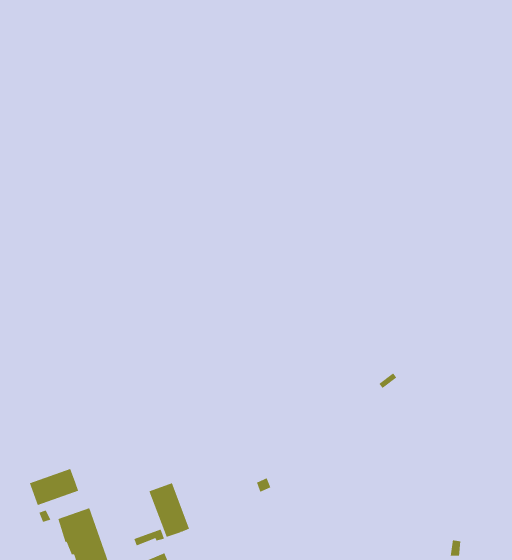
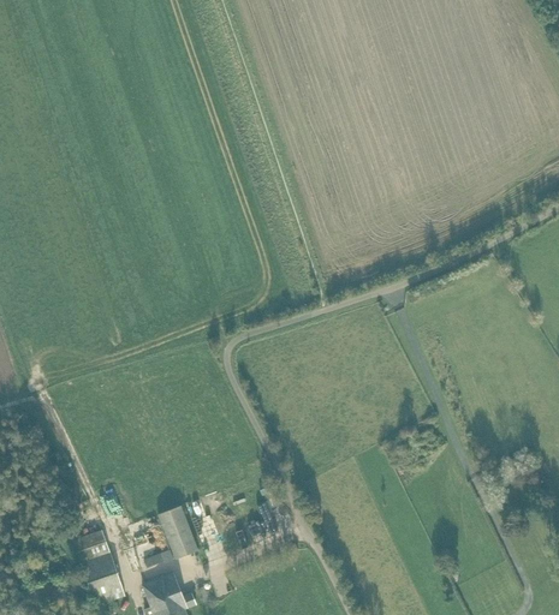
building: [29,468,79,506] -> none

